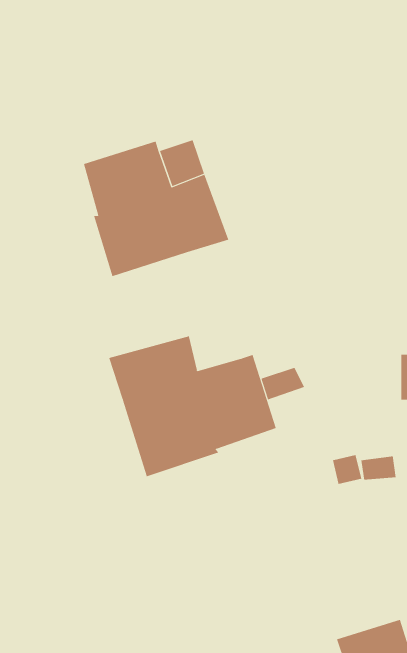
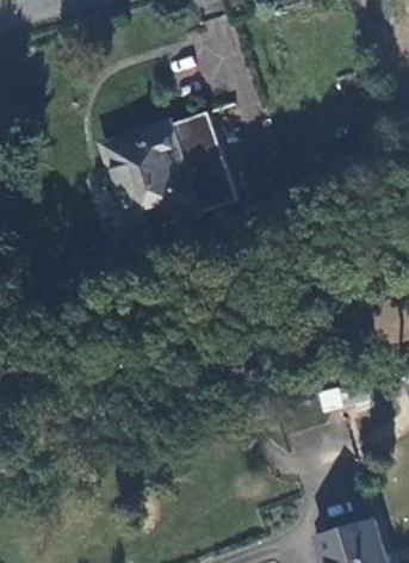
building: [109,335,276,477] -> none

